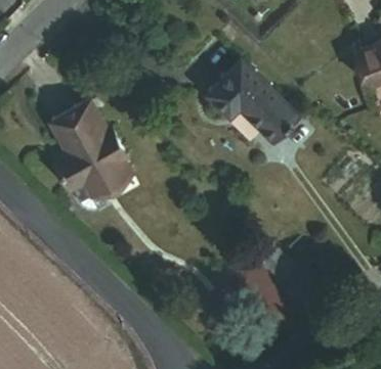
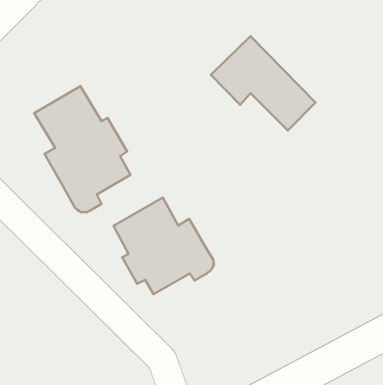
building: none -> [114,197,214,294]

